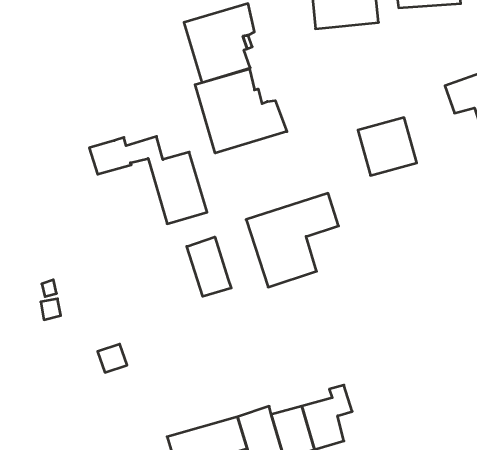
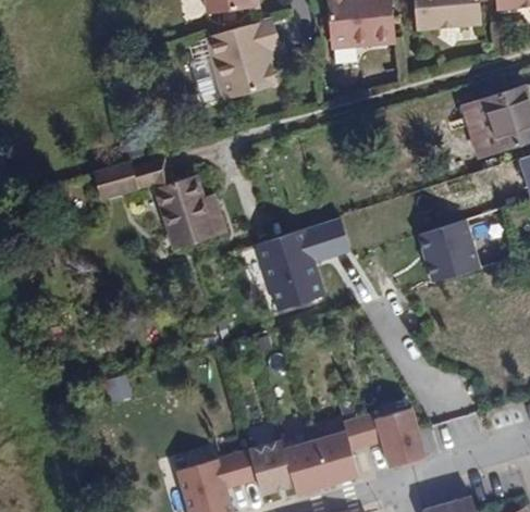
building: [195,69,287,153] -> none
building: [358,118,417,175] -> [421,221,482,280]
building: [187,237,231,296] -> none
building: none -> [358,407,426,465]

